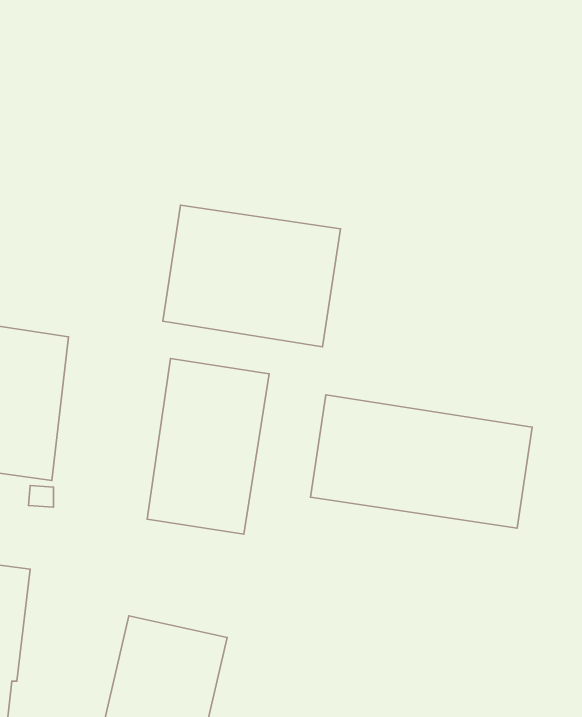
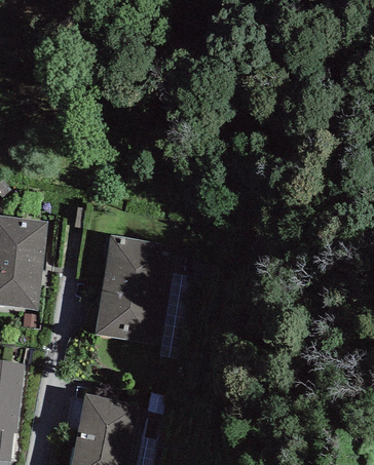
building: [163,205,341,347] -> none
building: [310,395,532,528] -> none

